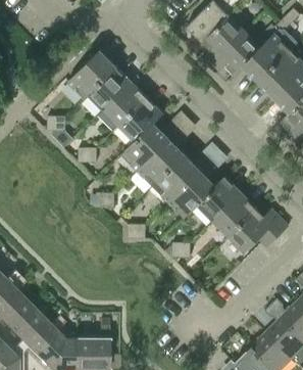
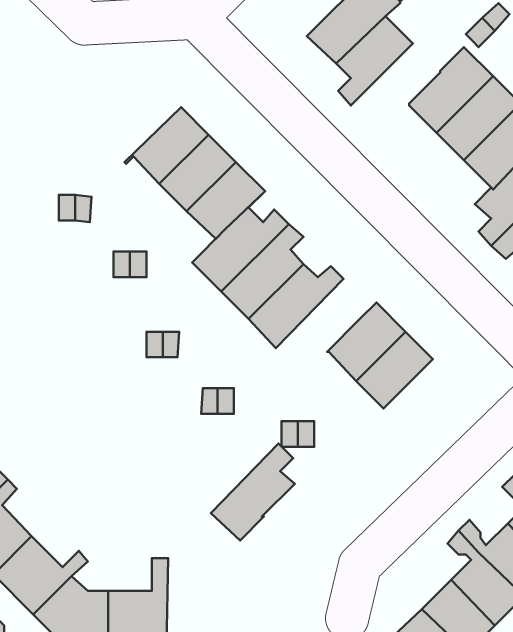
building: [211,32,261,76] -> none
building: [68,51,116,98] -> none
building: [169,164,216,218] -> [211,444,295,540]
building: [230,209,289,252] -> none

